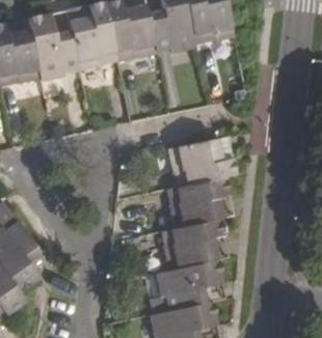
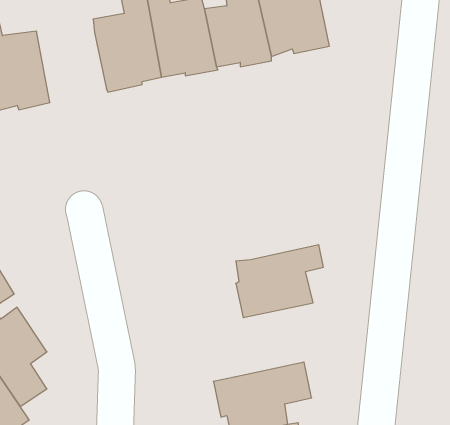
building: [28,15,80,82] -> none
building: [171,138,238,189] -> none
building: [165,220,224,271] -> none

